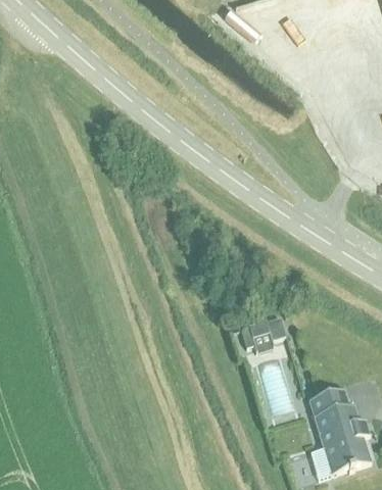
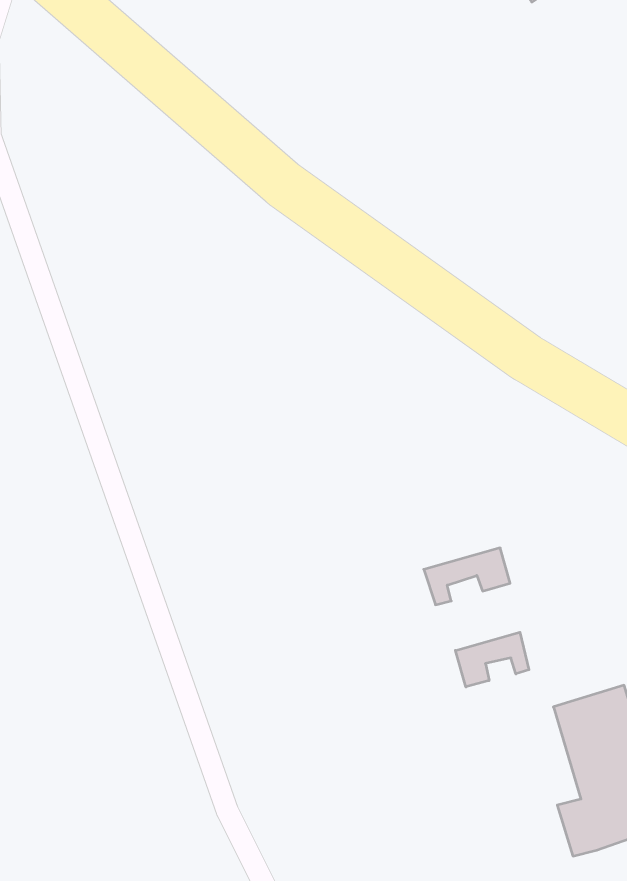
building: none -> [455,632,529,687]

